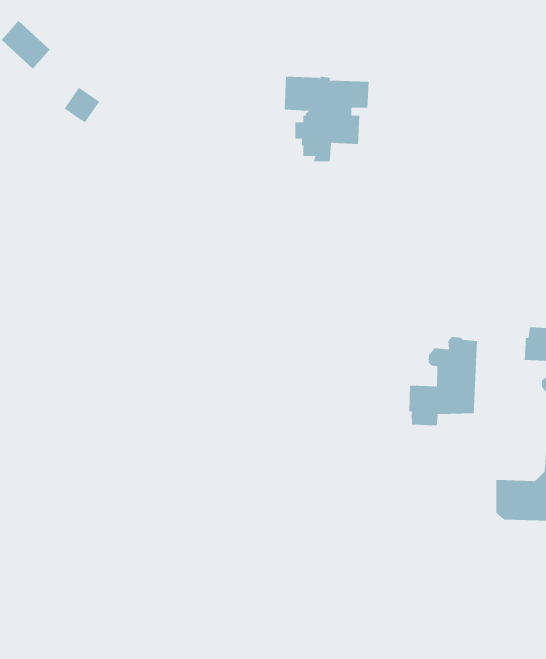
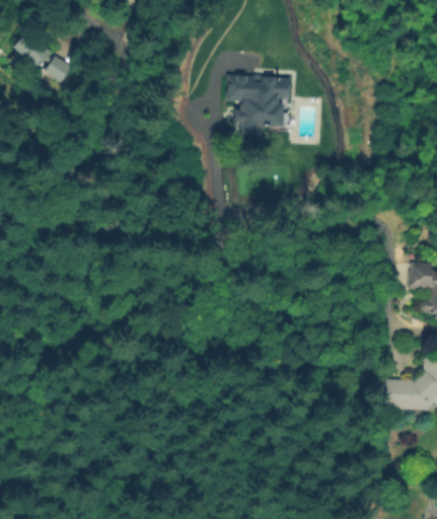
building: [64,87,100,123] -> [45,56,72,83]
building: [409,336,477,426] -> none

